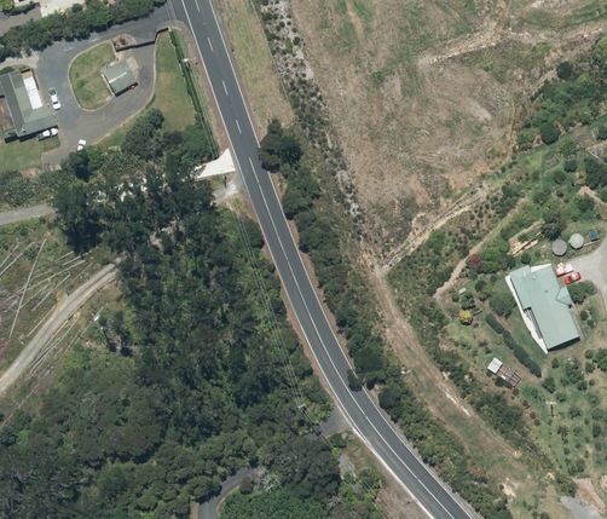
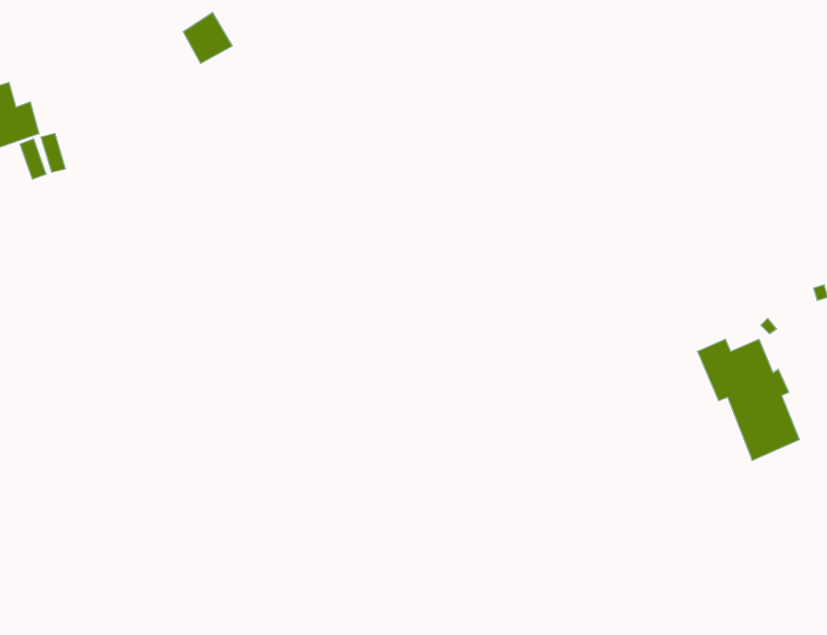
building: [102,57,135,92] -> [183,12,232,63]

